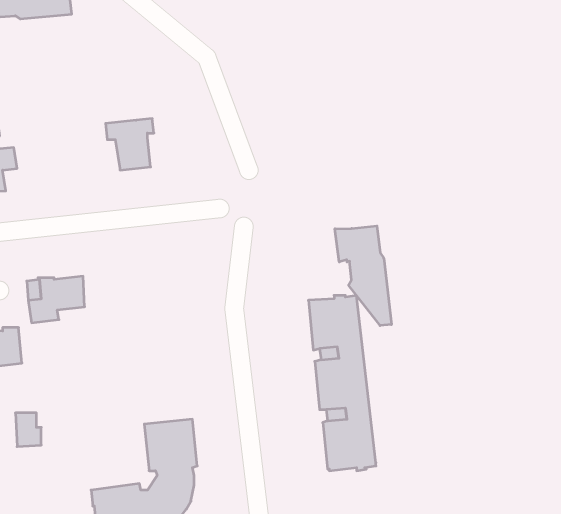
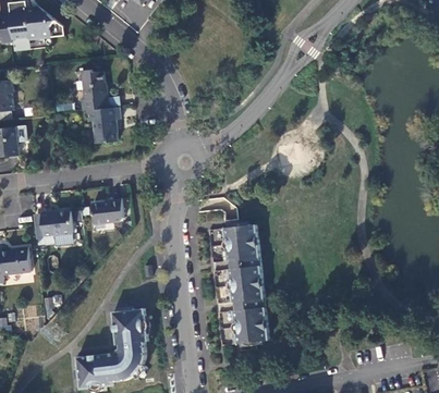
building: none -> [80,69,107,110]
building: [335,226,391,326] -> none
building: none -> [93,198,123,224]

